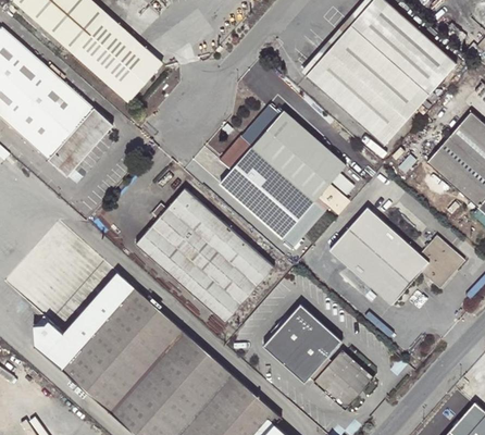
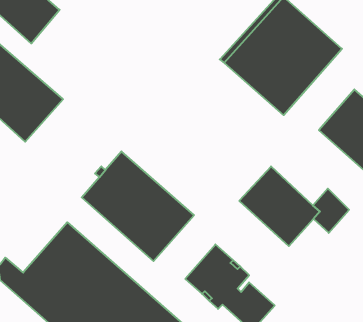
building: [74,14,163,101] -> none
building: [219,104,349,247] -> none

